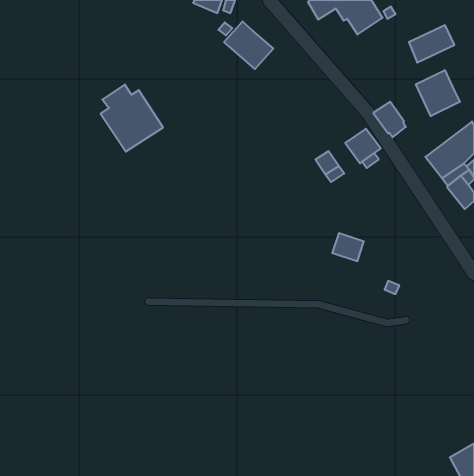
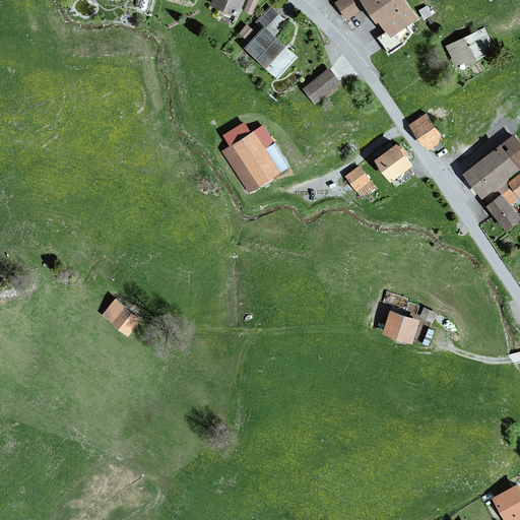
building: none -> [257,6,286,35]
building: none -> [306,70,340,104]
building: [416,70,460,116] -> none
building: [101,84,163,152] -> [220,121,288,194]
building: [332,233,364,261] -> [384,310,418,340]
building: none -> [102,299,142,336]

